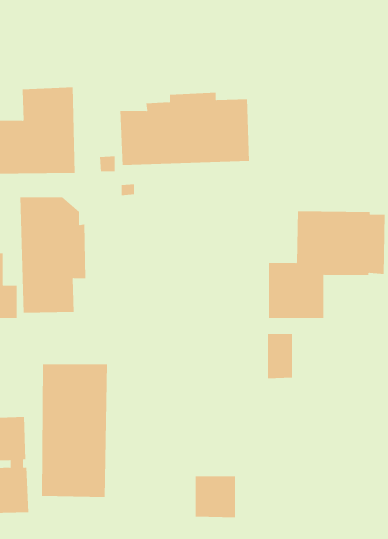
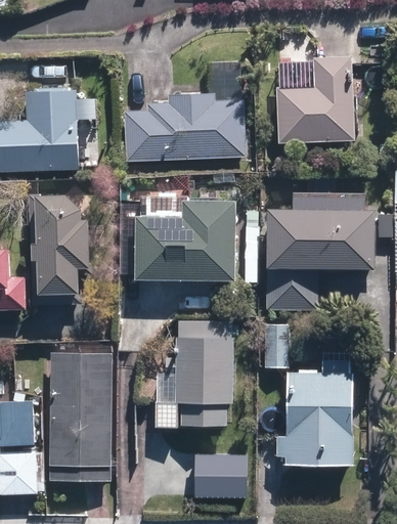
building: none -> [277,57,357,143]
building: none -> [135,196,238,278]
building: none -> [162,318,232,423]
building: none -> [275,370,353,463]

